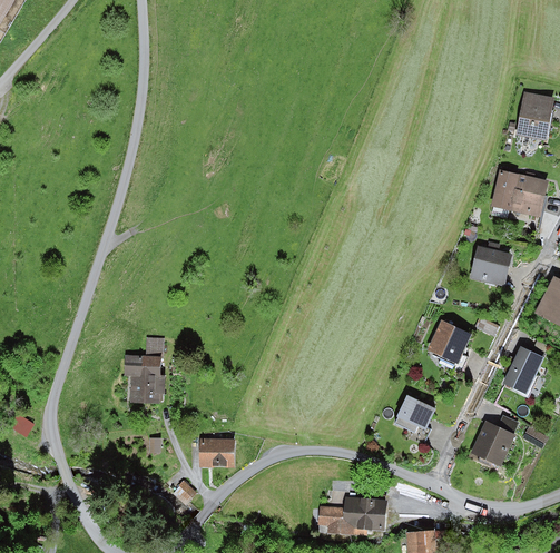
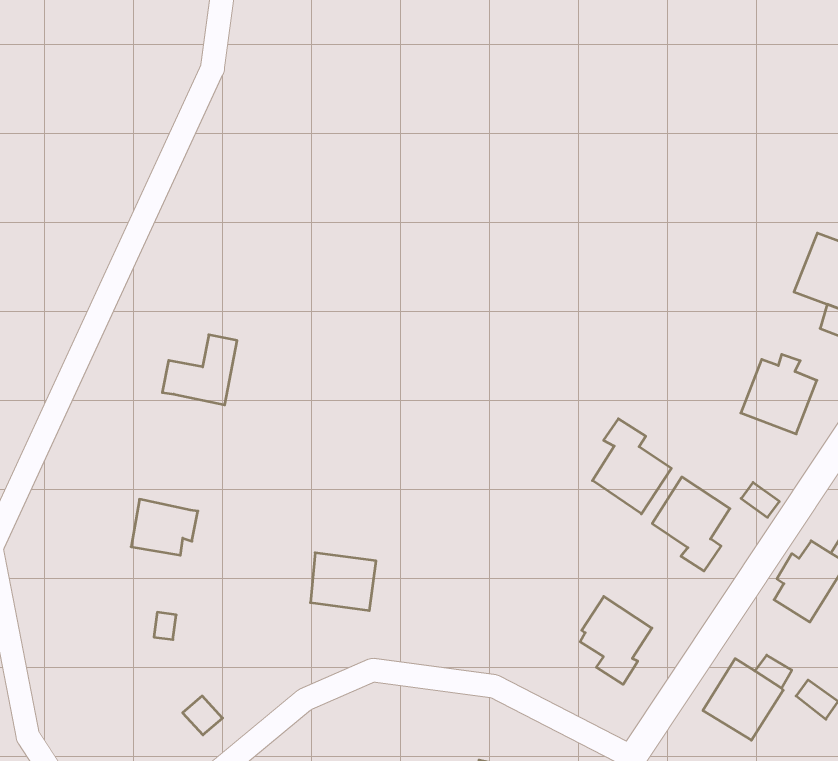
building: none -> [592,419,671,514]
building: [124,337,163,376] -> [162,335,237,405]
building: [198,437,234,466] -> [310,553,376,611]

